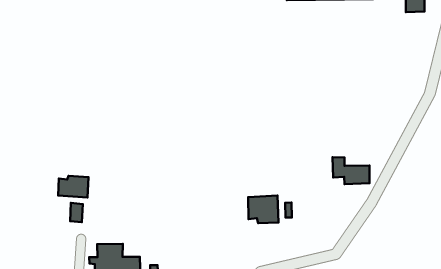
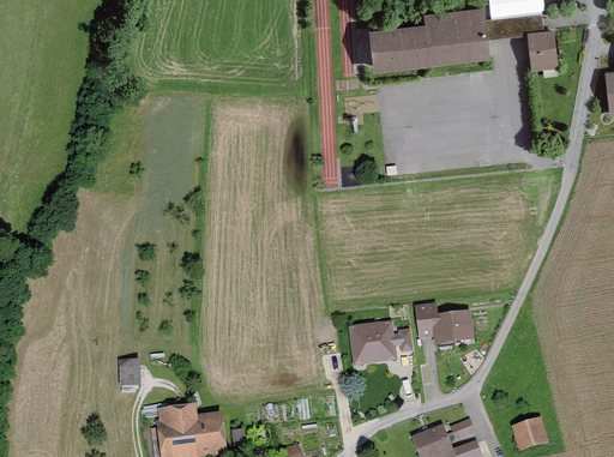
building: [333,157,369,184] -> [417,307,469,342]
building: [58,176,88,198] -> none

